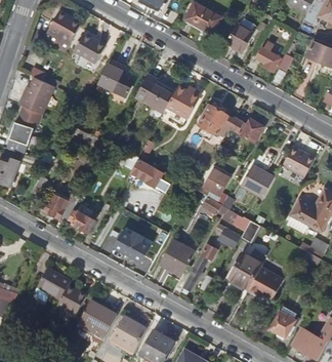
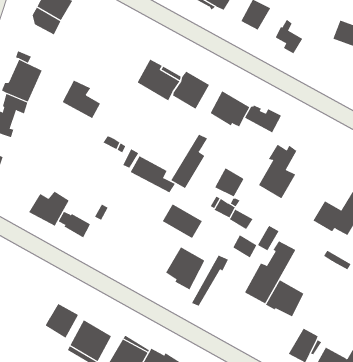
building: [72,33,105,63] -> none
building: [97,64,131,97] -> [62,80,101,119]
building: none -> [170,134,208,189]
building: [282,146,316,177] -> none
building: [115,230,151,260] -> [162,203,203,239]
building: [37,268,71,299] -> none

